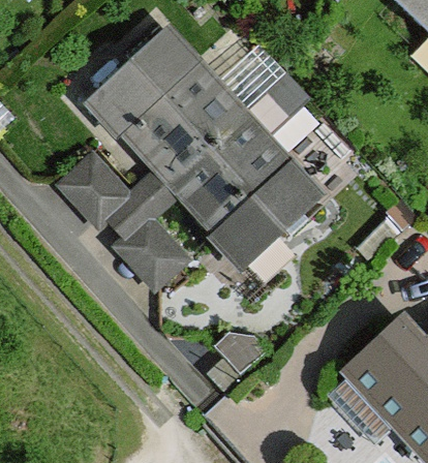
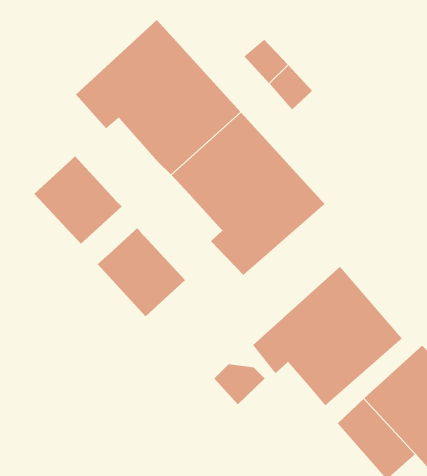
building: [108,119,224,240] -> none
building: none -> [252,266,403,407]

